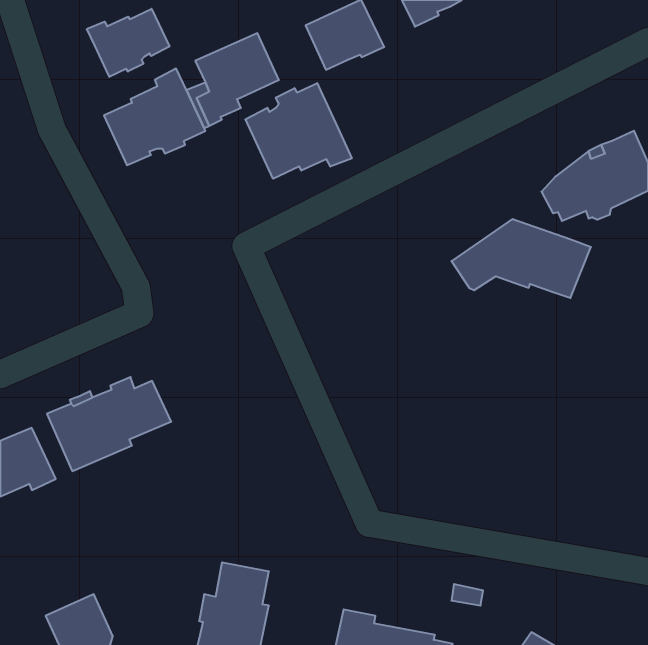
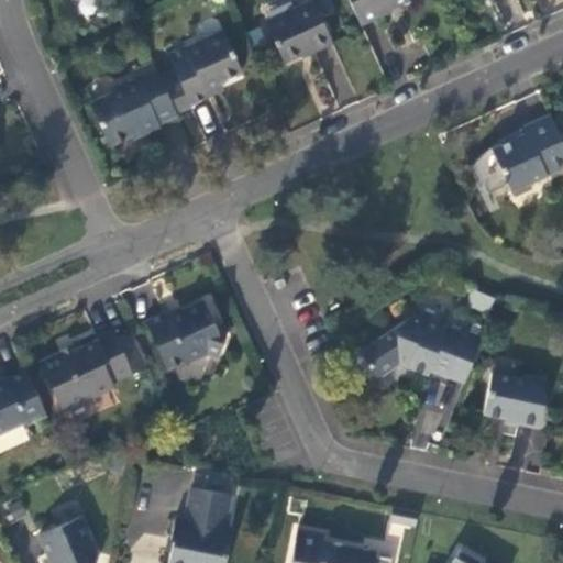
building: [87,9,169,77] -> none
building: [245,83,352,179] -> none
building: [451,219,591,298] -> [361,317,482,385]
building: none -> [147,302,227,369]
building: none -> [484,375,545,429]

